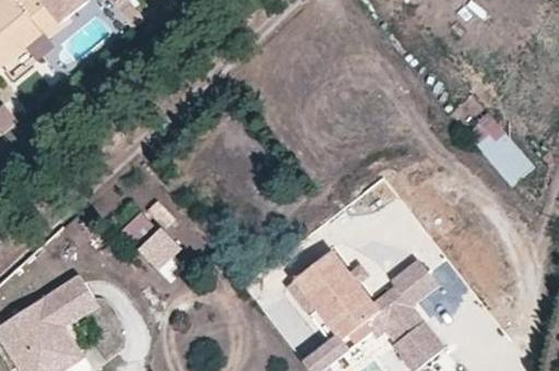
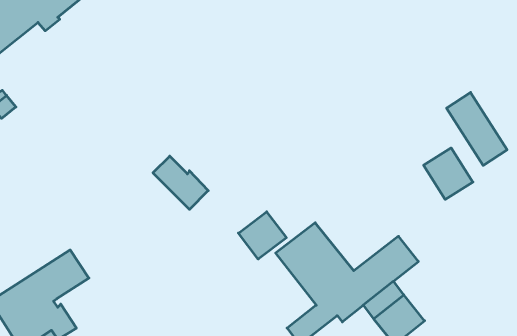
building: none -> [424,148,473,199]
building: [121,208,179,264] -> [153,156,208,209]
building: none -> [238,212,286,259]

